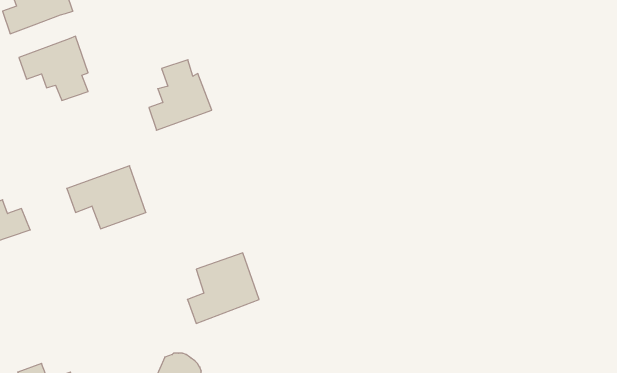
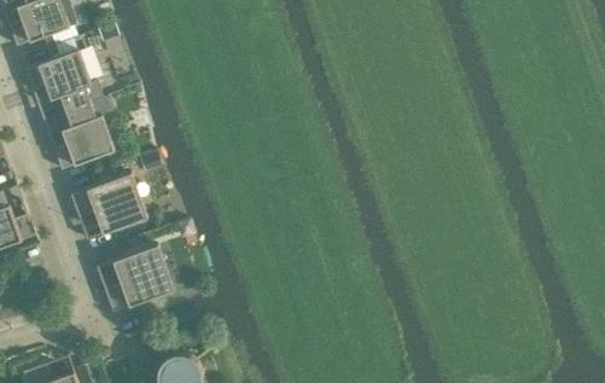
building: [149,60,212,130] -> [53,103,114,170]
building: [187,253,259,323] -> [104,245,173,313]

